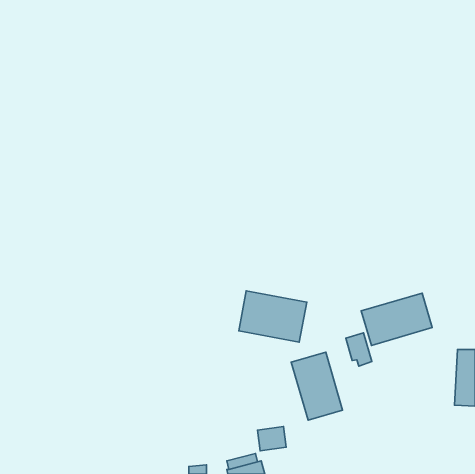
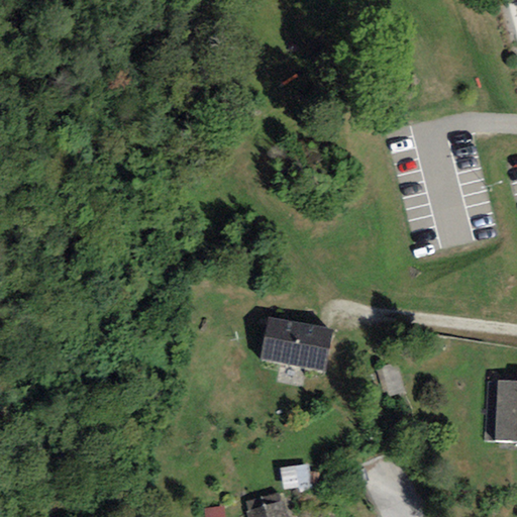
building: [361,293,432,345] -> none
building: [291,352,343,420] -> none

